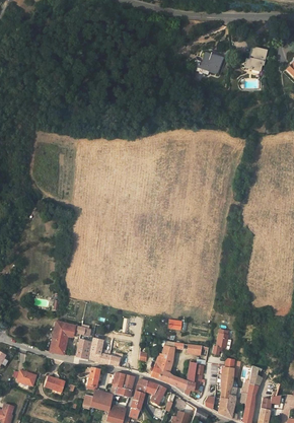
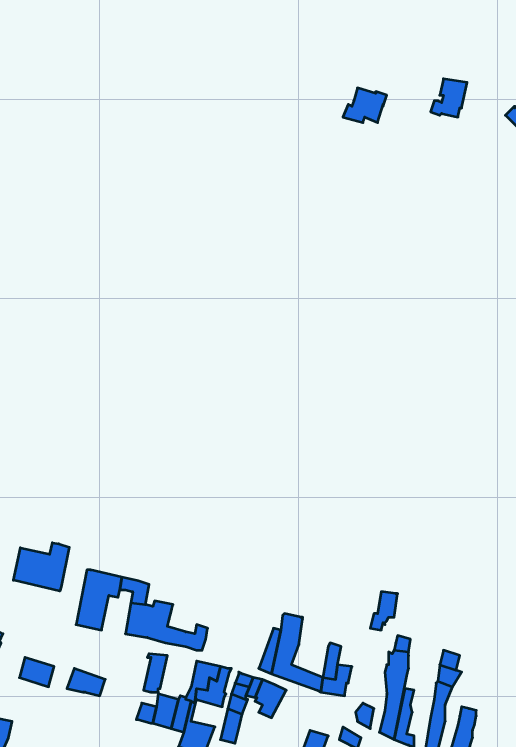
building: none -> [13,543,69,591]

